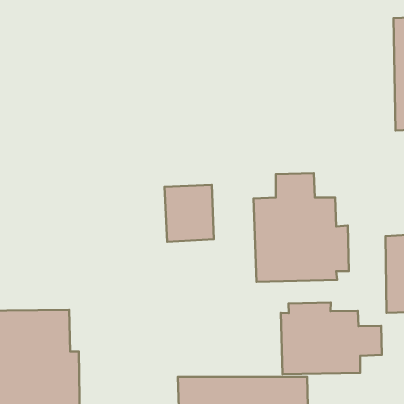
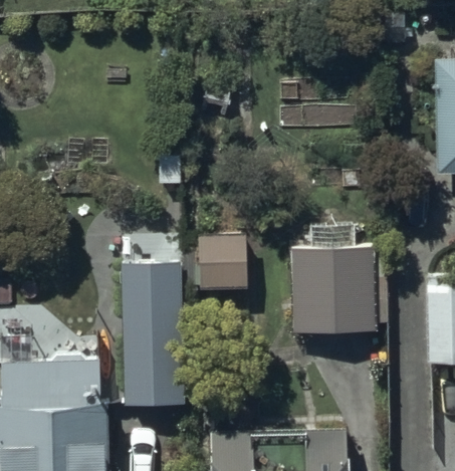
building: none -> [122,262,185,408]
building: [281,302,382,374] -> none

